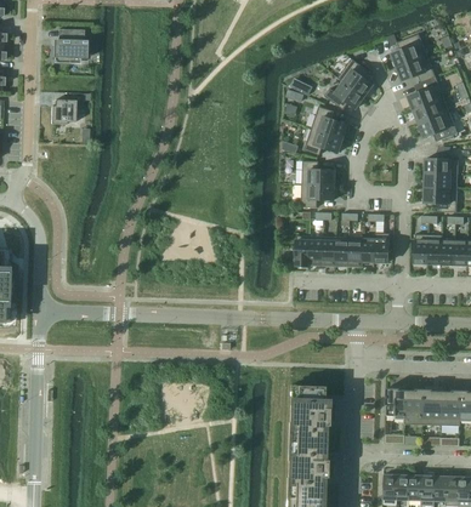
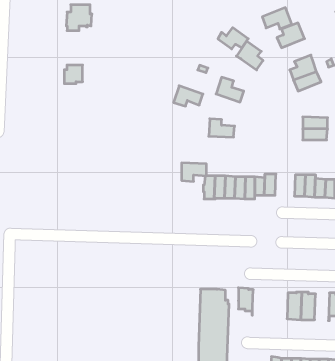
building: [53,29,87,63] -> [66,5,92,31]
building: [398,55,437,82] -> [262,8,292,29]
building: [325,81,365,109] -> [218,28,248,49]
building: [51,99,75,124] -> [64,65,83,84]
building: [420,112,459,141] -> none
building: [305,127,344,154] -> [174,86,203,106]
building: [302,183,335,207] -> [182,163,206,181]
building: [425,188,458,211] -> none
building: [387,387,407,423] -> [238,288,253,315]
building: [442,389,461,426] -> none

